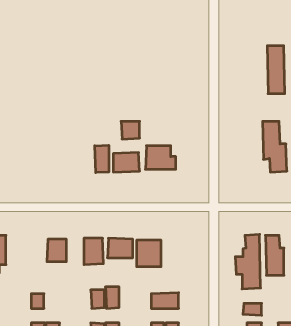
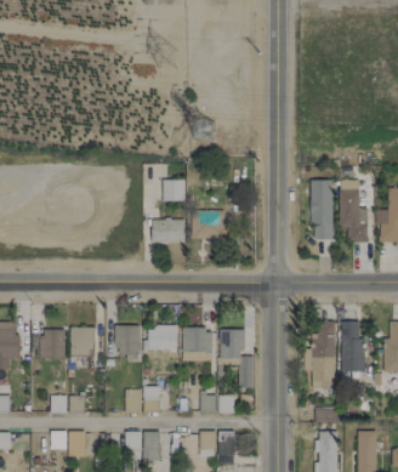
building: [267,46,285,94] -> [312,181,334,240]
building: [95,145,109,173] -> none
building: none -> [41,330,66,358]
building: none -> [220,330,255,385]

